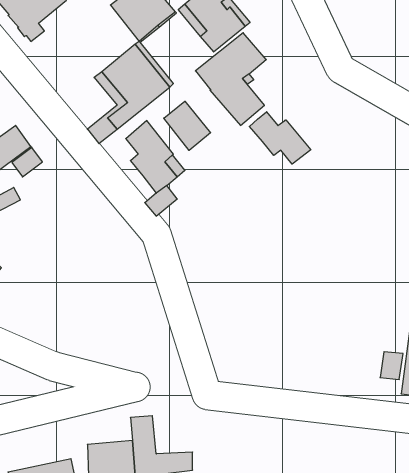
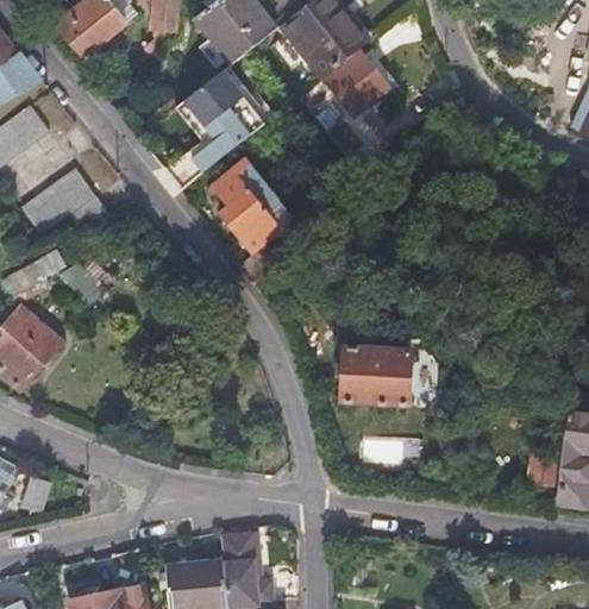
building: [164,101,211,150] -> none
building: [249,112,311,164] -> none
building: none -> [343,345,411,403]

